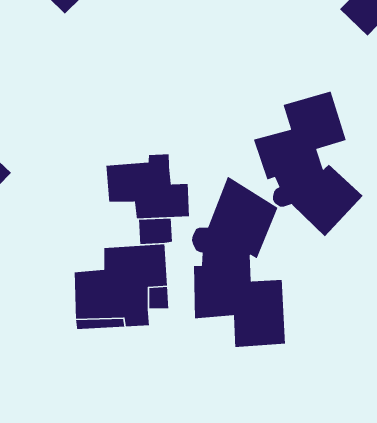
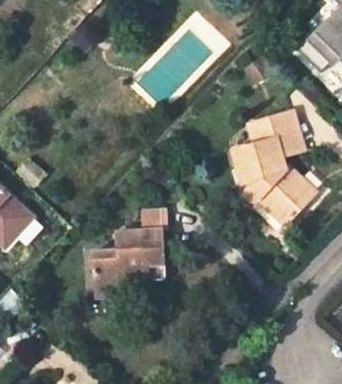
building: [105,154,190,219] -> none
building: [191,175,286,348] -> none

